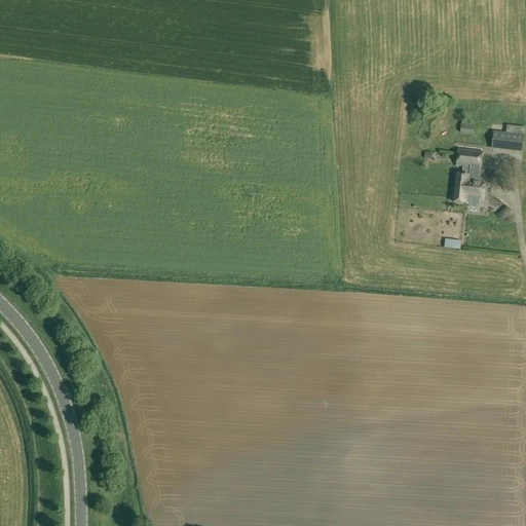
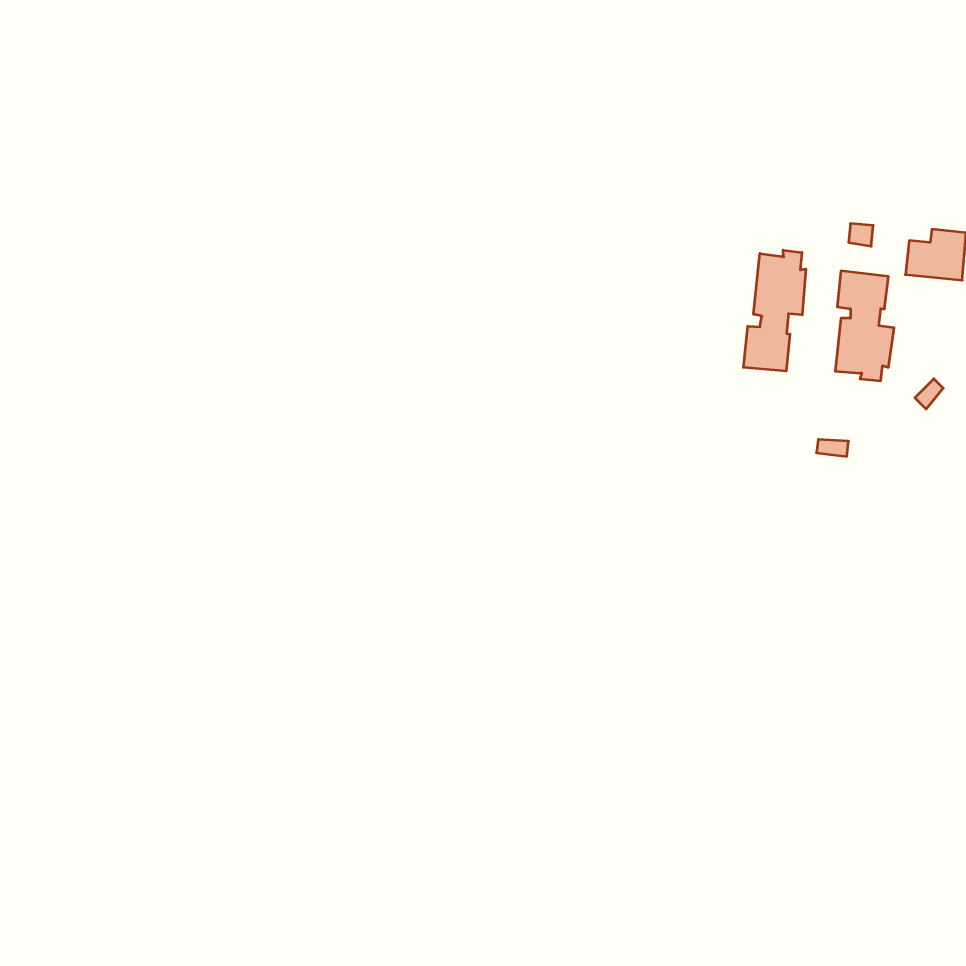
building: none -> [743,250,806,371]

